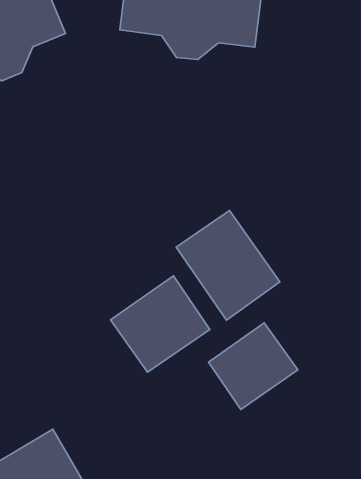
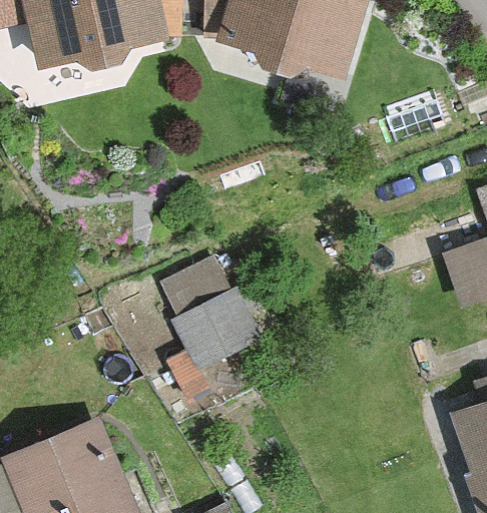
building: [176,211,280,320] -> none
building: [208,323,298,410] -> none

